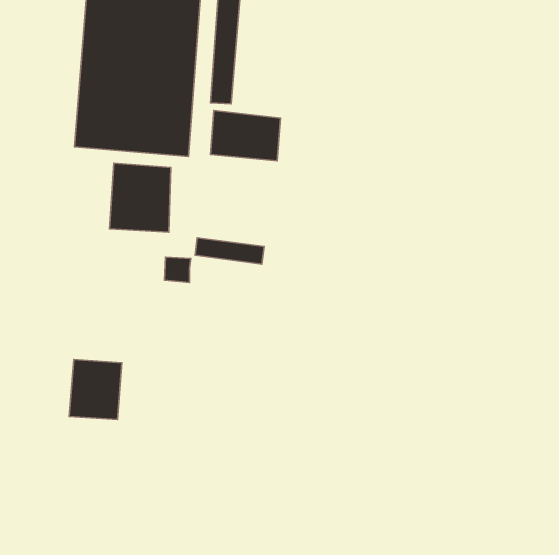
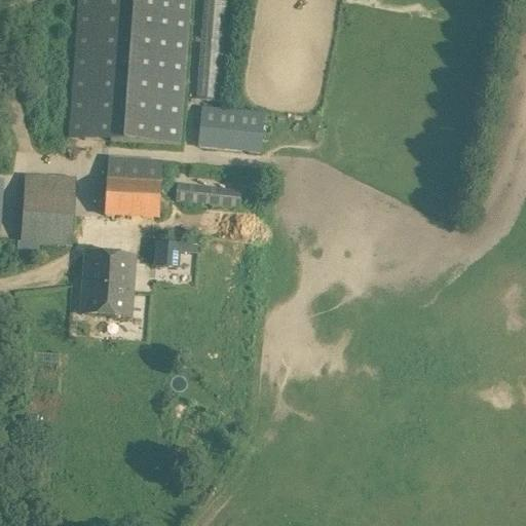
building: none -> [21,173,76,243]
building: [195,238,264,264] -> [177,183,241,208]
building: [69,359,122,420] -> [83,255,133,311]

